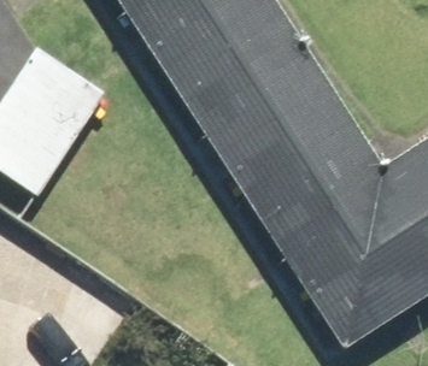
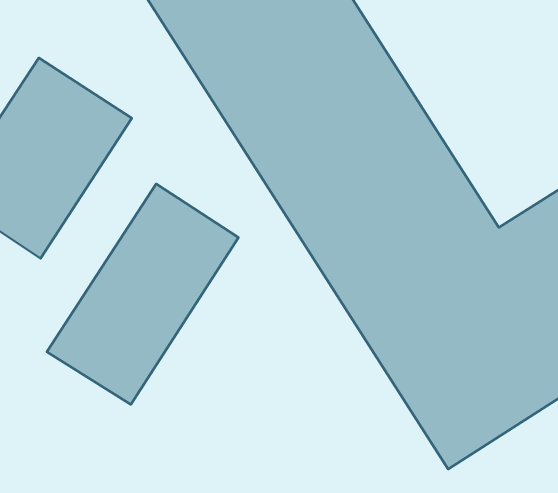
building: none -> [47,184,238,404]

